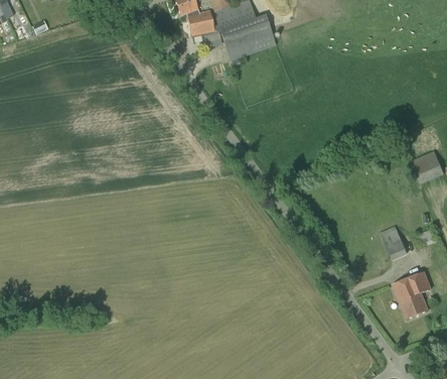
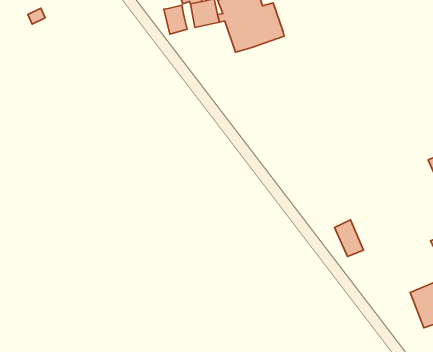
building: none -> [164,5,187,34]
building: [380,225,407,259] -> [334,220,363,257]

